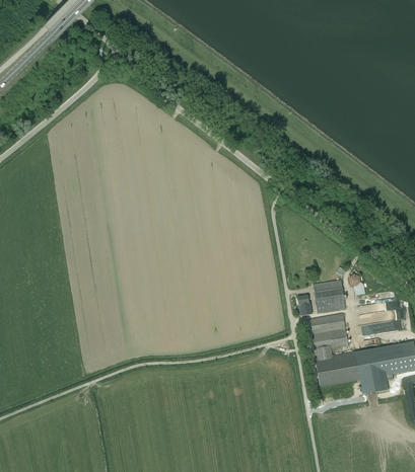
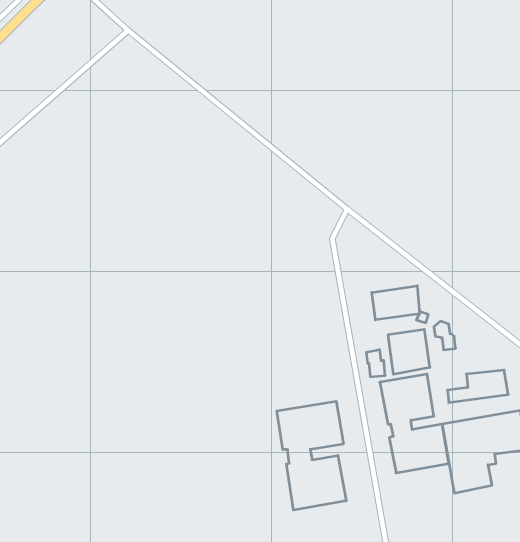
building: none -> [372,286,419,320]
building: none -> [277,401,346,510]

